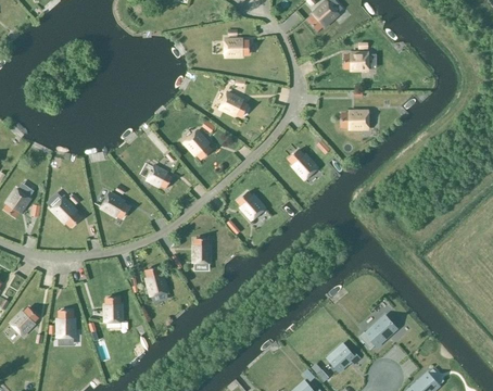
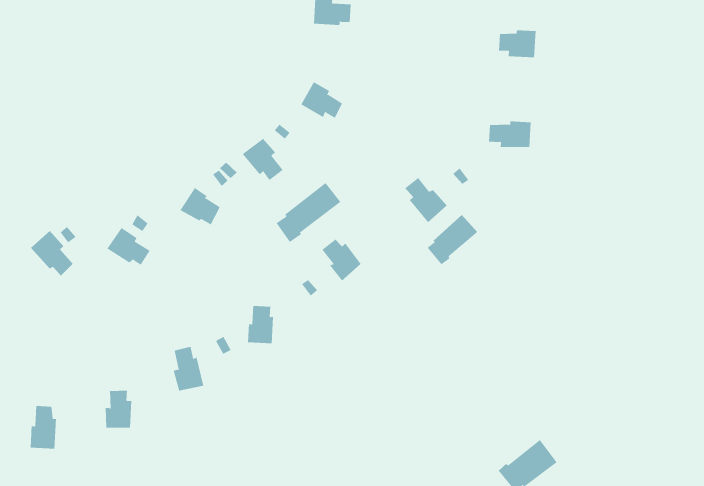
building: none -> [276,182,341,243]
building: none -> [427,214,478,265]

